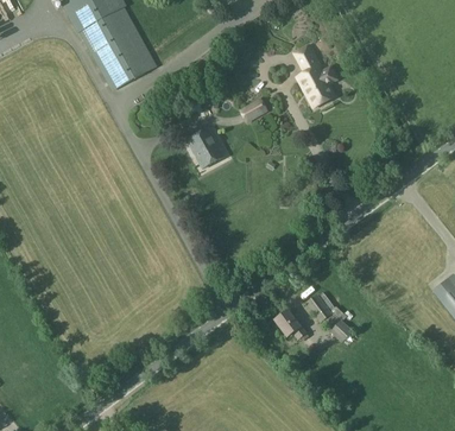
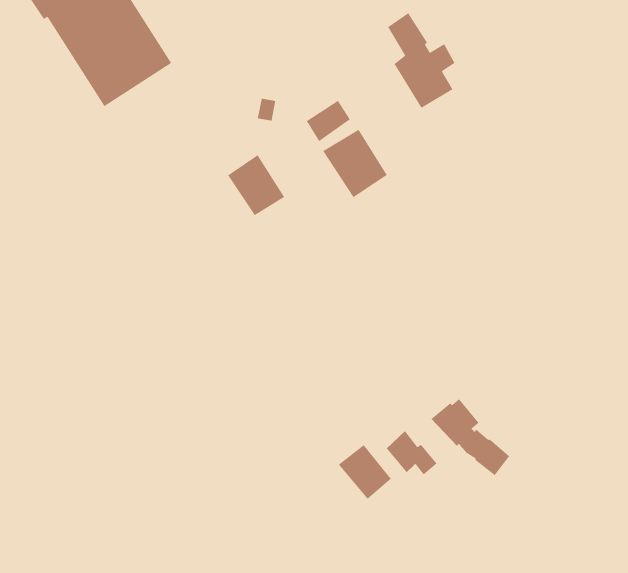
building: none -> [322,129,388,198]
building: none -> [338,444,392,500]

